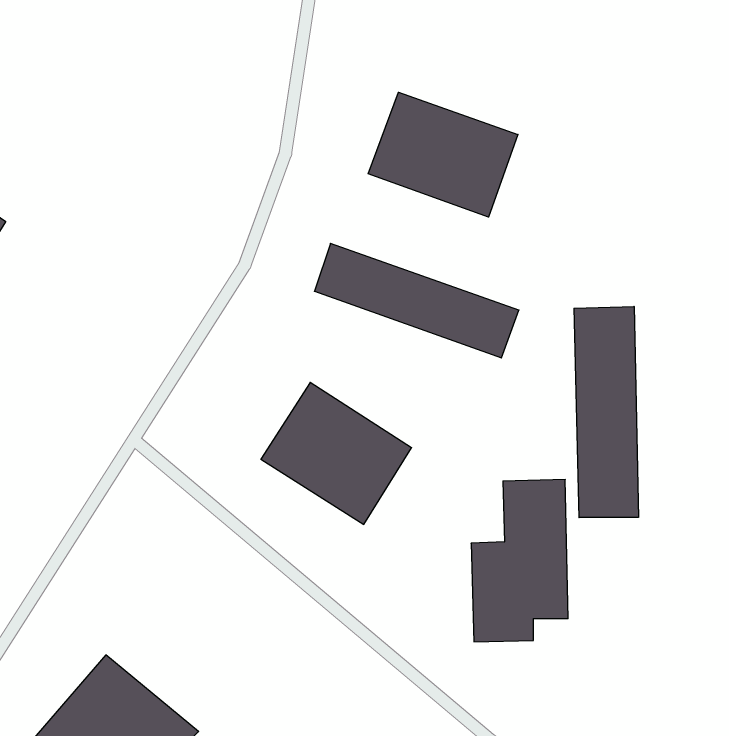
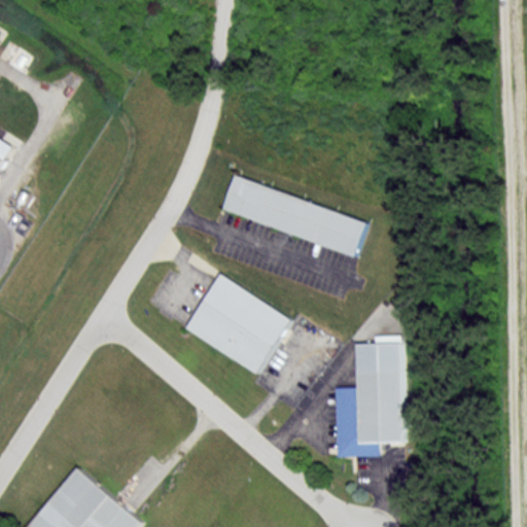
building: [368,92,518,217] -> none
building: [574,306,638,518] -> none

